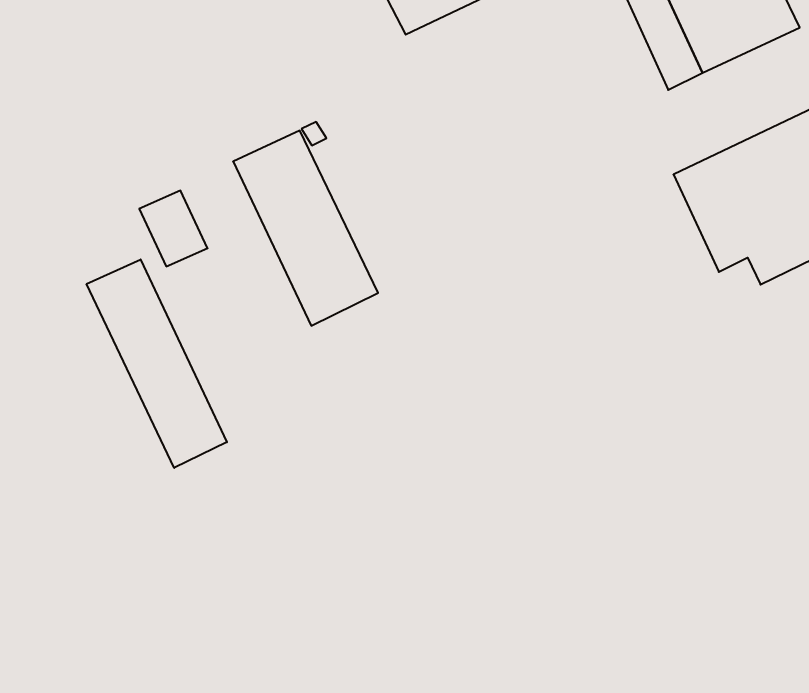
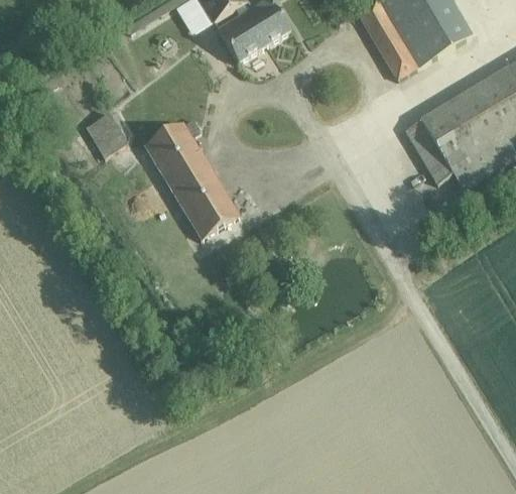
building: [139,191,208,266] -> [86,111,128,156]
building: [87,259,227,468] -> none

